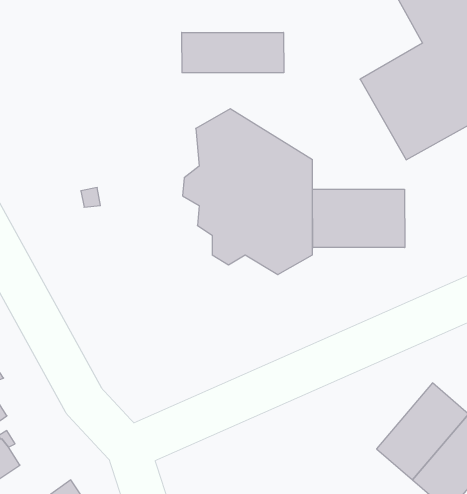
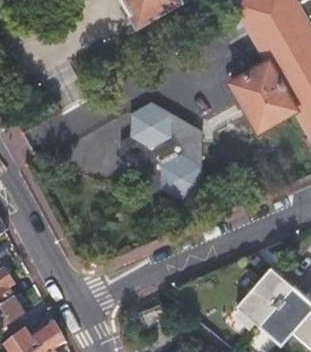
building: [182,32,284,73] -> none
building: [312,189,405,248] -> none

